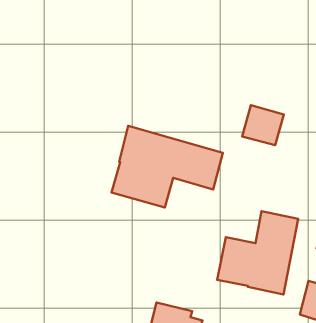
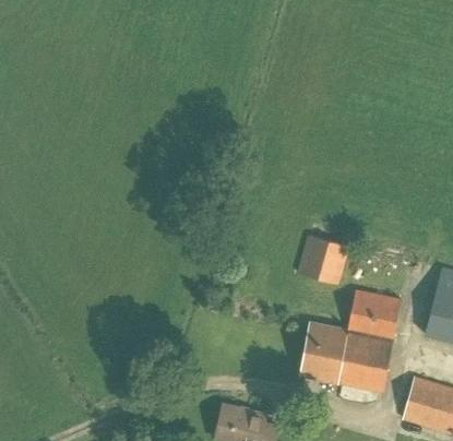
building: [242,105,284,145] -> [298,235,350,285]
building: [111,126,223,207] -> none

